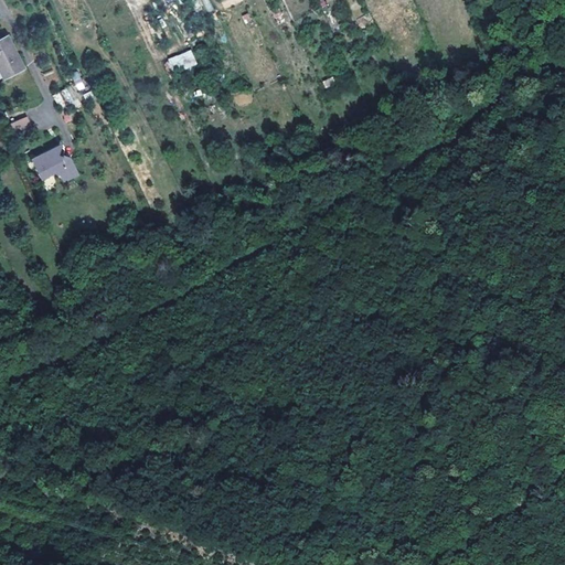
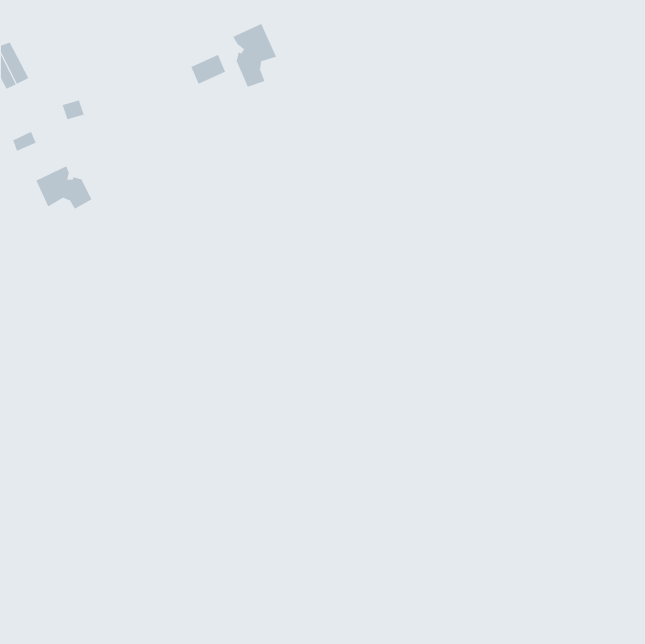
building: none -> [232,23,277,87]

